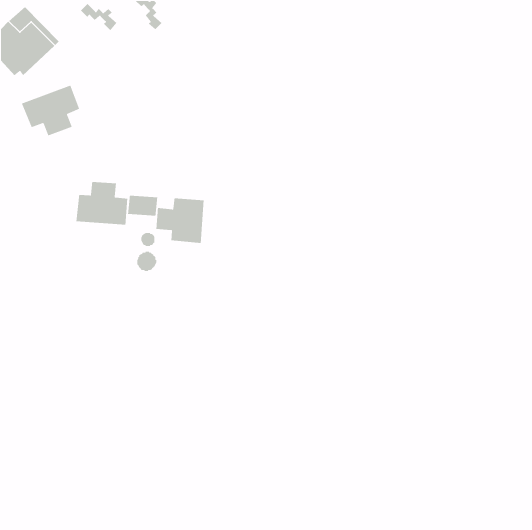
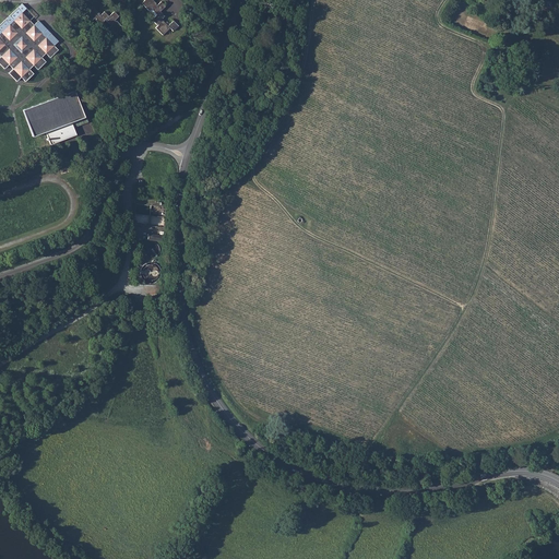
building: [76,181,128,226] -> none
building: [156,198,204,244] -> none

